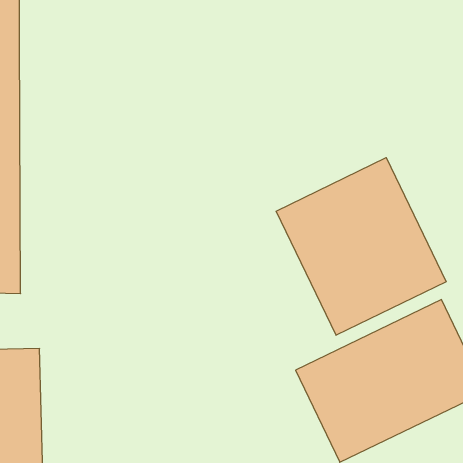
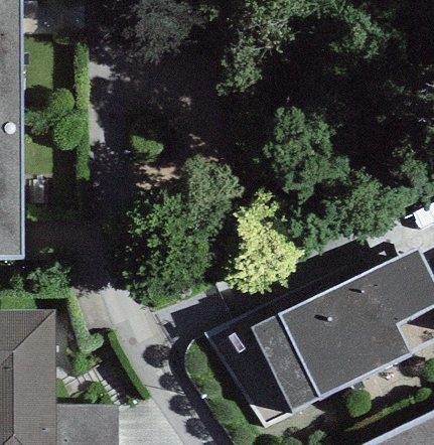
building: [276,158,446,335] -> none

